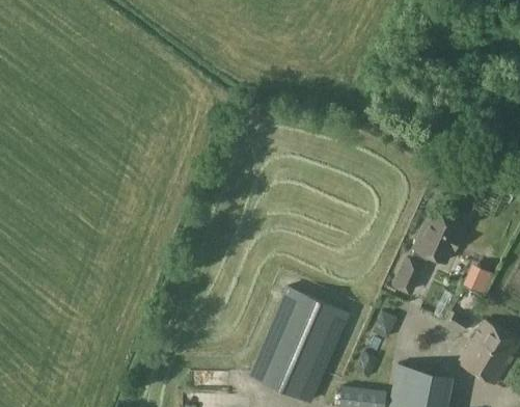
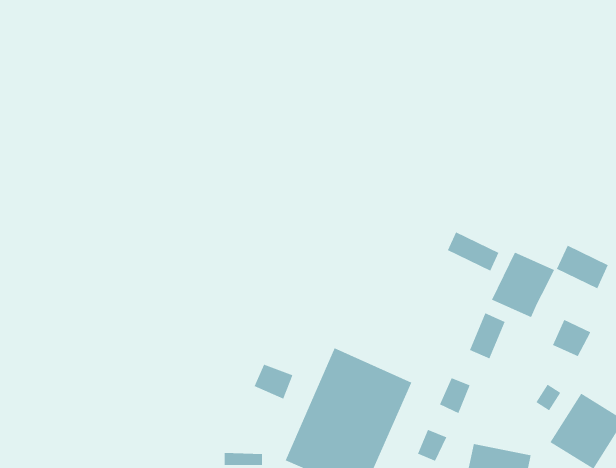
building: none -> [447,232,499,272]
building: none -> [556,245,609,289]
building: none -> [254,364,293,399]

